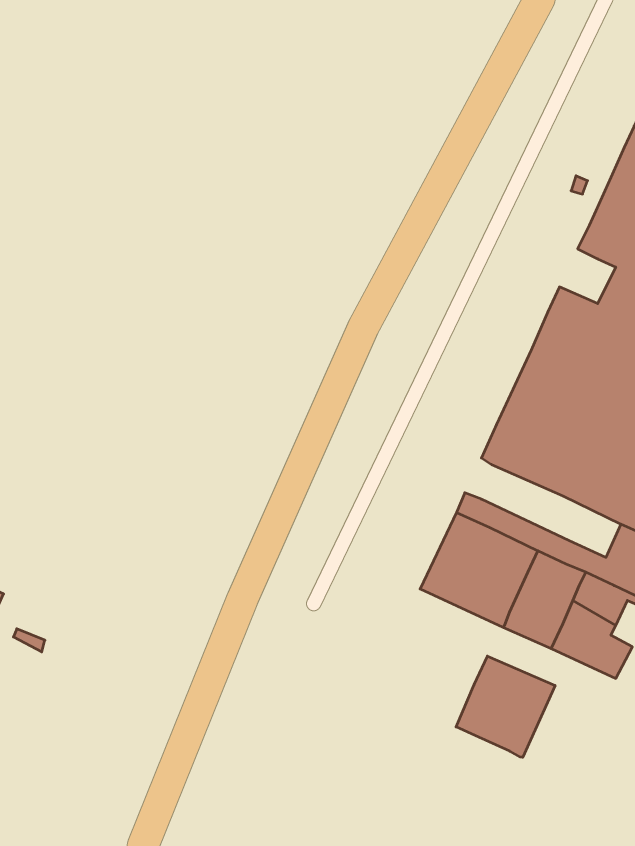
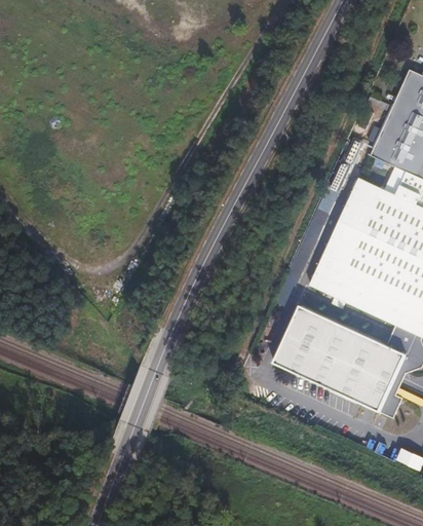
building: [456,656,555,757] -> none

